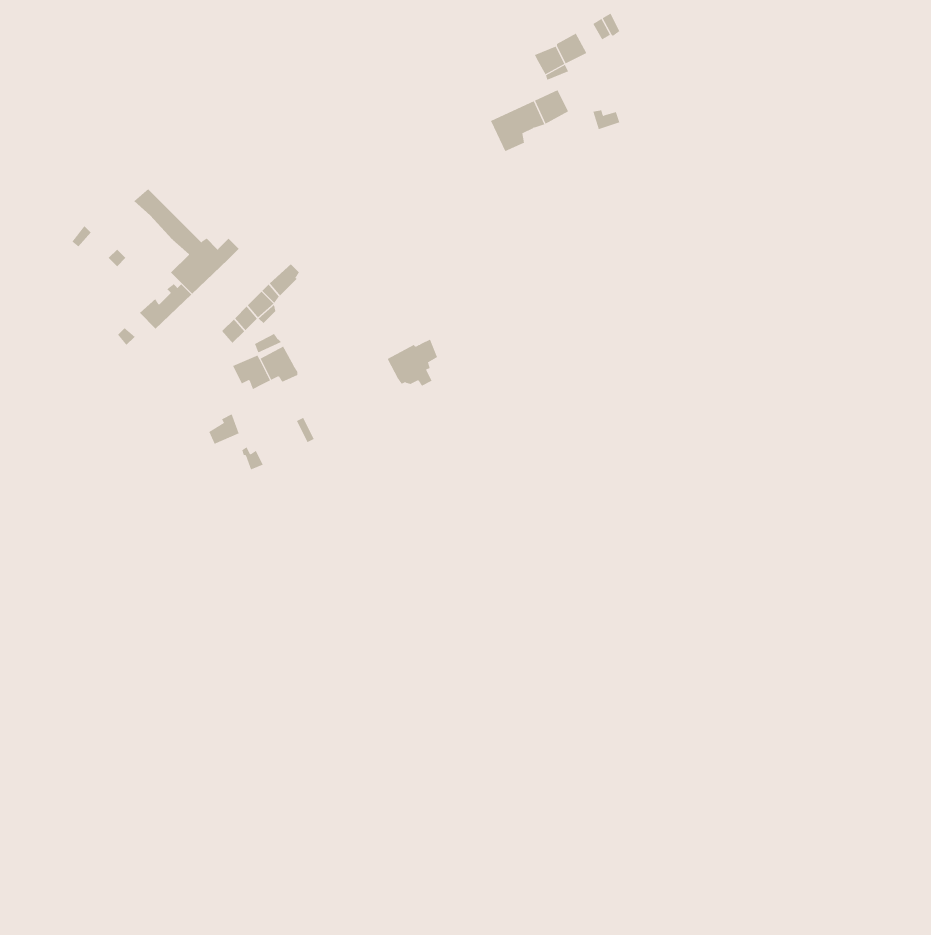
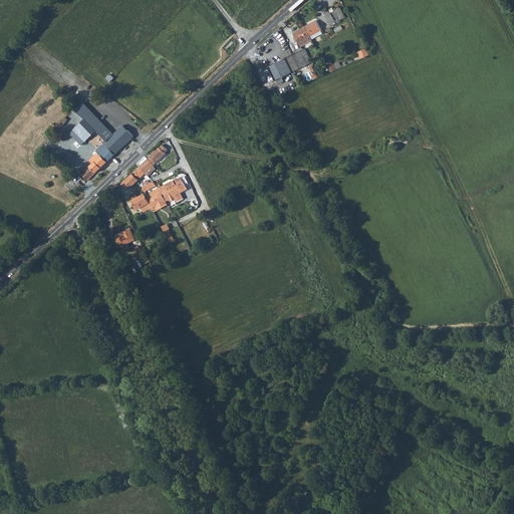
building: none -> [67,118,94,146]
building: [387,339,438,386] -> [156,179,184,205]

